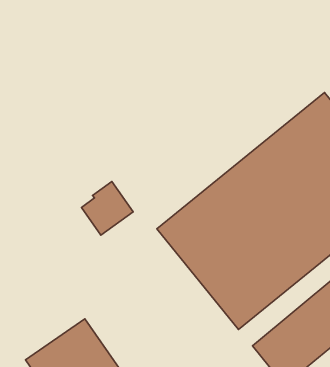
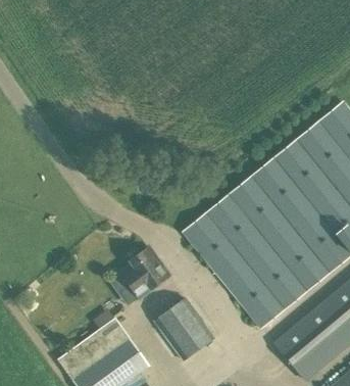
building: [82,182,133,235] -> [119,246,168,297]
building: none -> [153,296,213,358]

